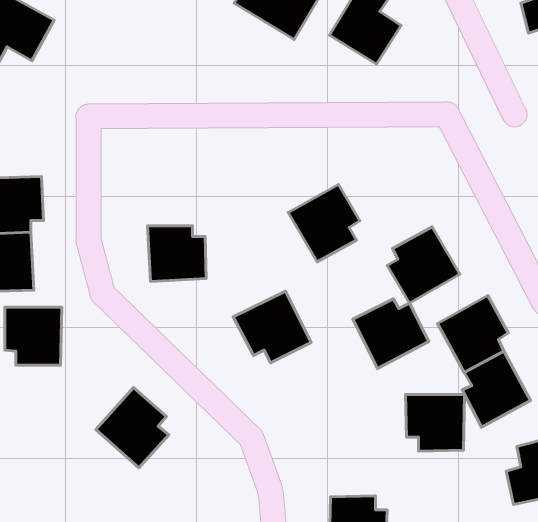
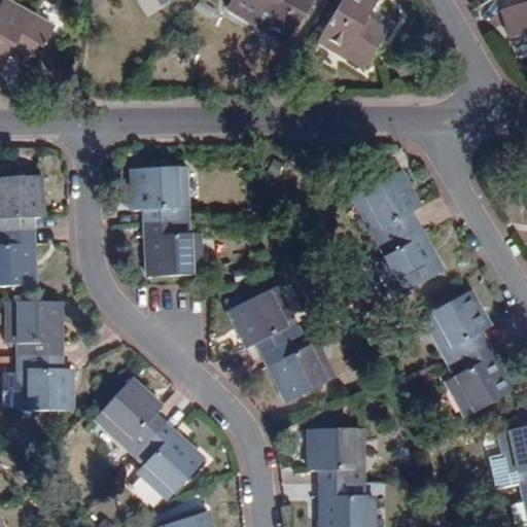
building: none -> [132,166,187,222]
building: [288,185,360,262] -> [352,170,421,244]
building: [353,299,429,368] -> [262,335,336,401]
building: none -> [17,356,72,411]
building: [406,394,464,451] -> [308,428,364,483]
building: none -> [136,423,205,499]

